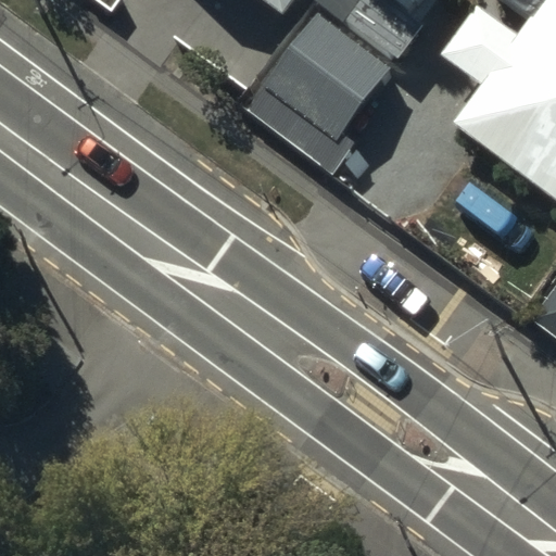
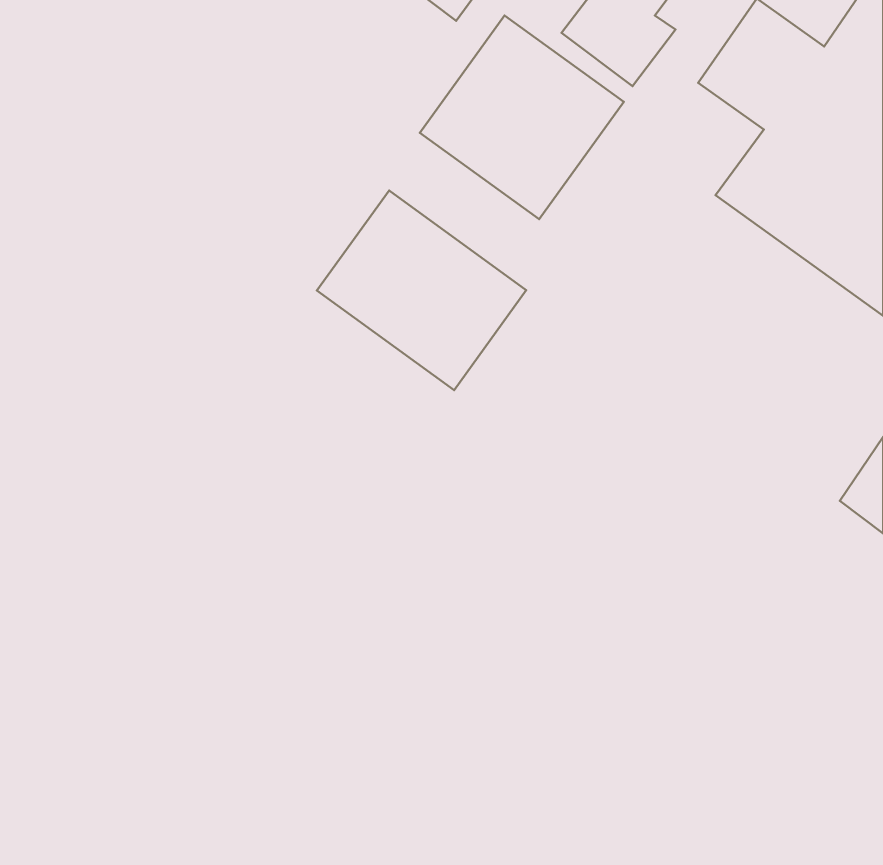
building: none -> [317,191,526,390]

